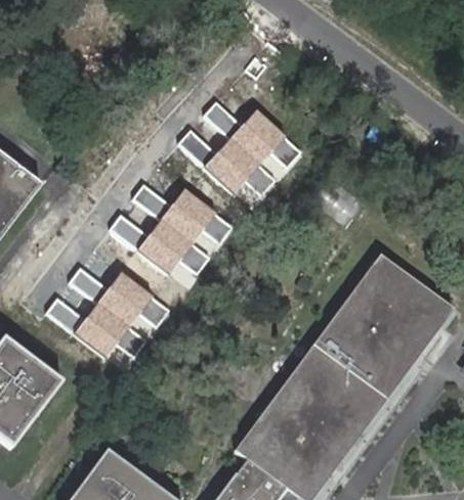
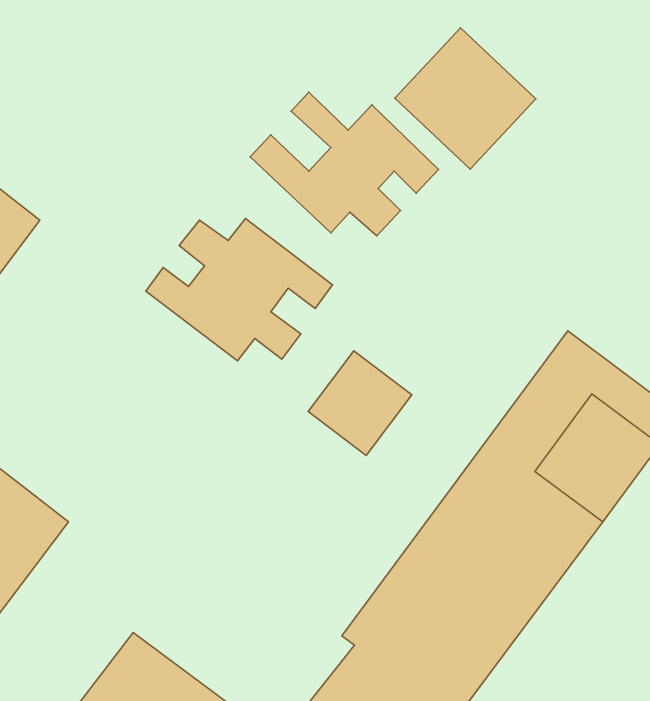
building: none -> [395,28,536,169]
building: [45,269,168,357] -> none
building: none -> [308,351,412,455]

